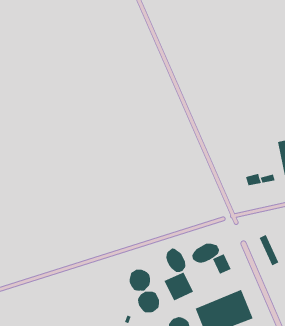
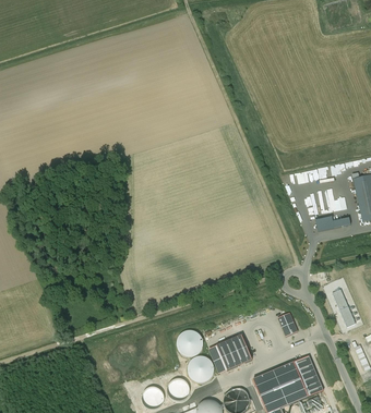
building: [192,243,220,263] -> none
building: [166,248,186,273] -> none

